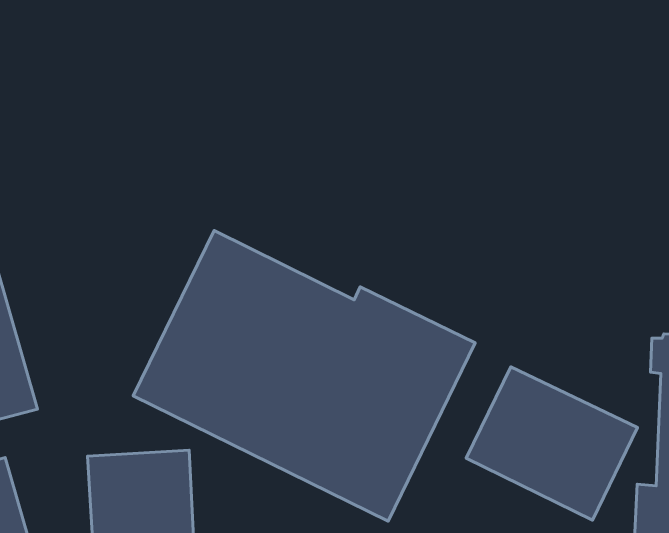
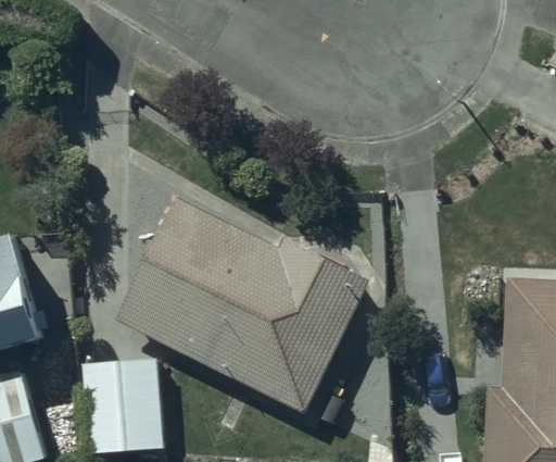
building: [466,367,638,520] -> none

